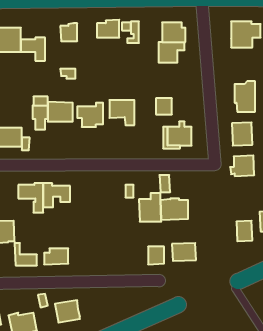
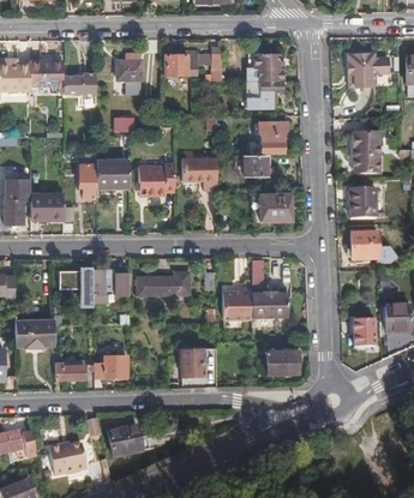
building: none -> [259,122,286,150]
building: none -> [138,269,191,294]
building: [148,247,164,264] -> [181,350,203,374]

